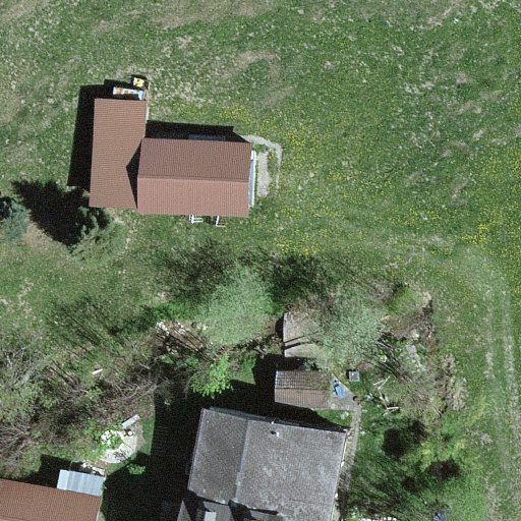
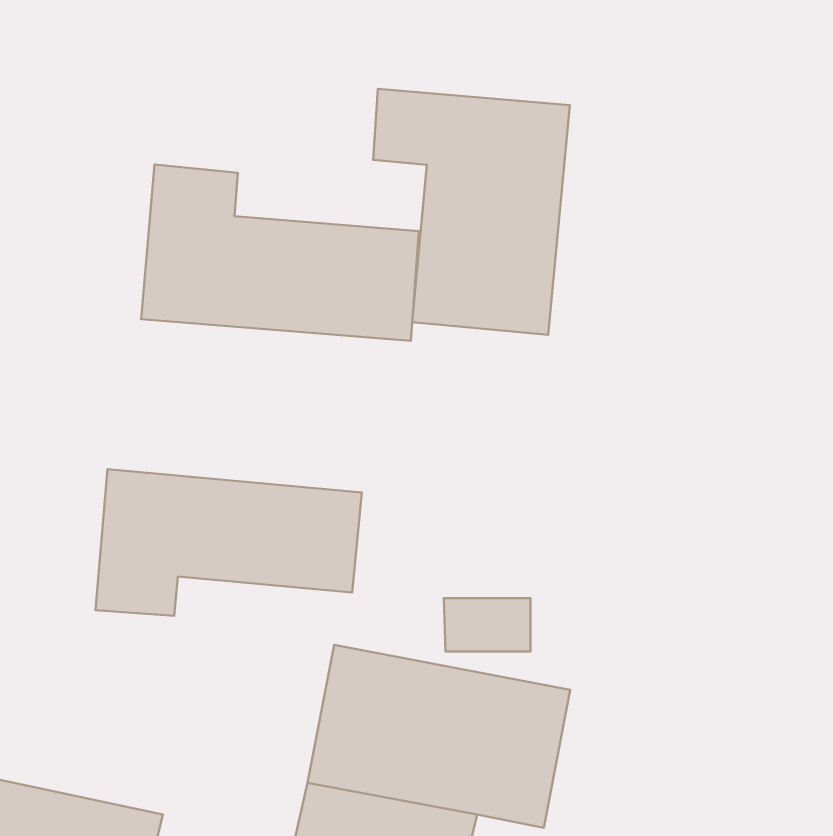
building: none -> [373,89,570,335]
building: none -> [95,469,362,616]

